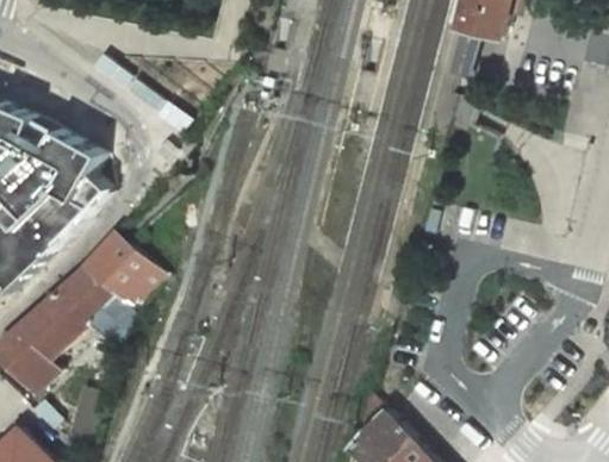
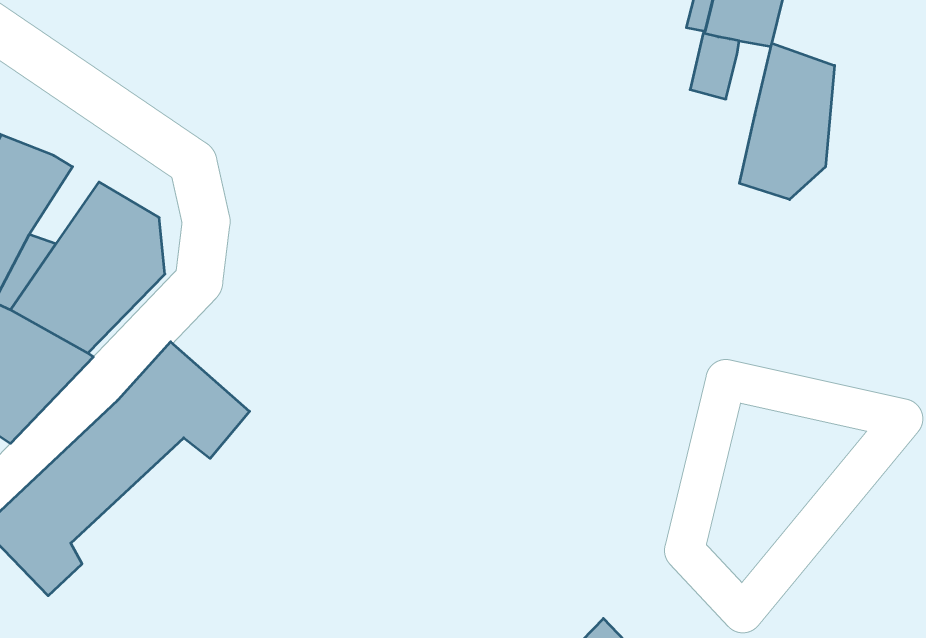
building: none -> [739,43,835,200]

